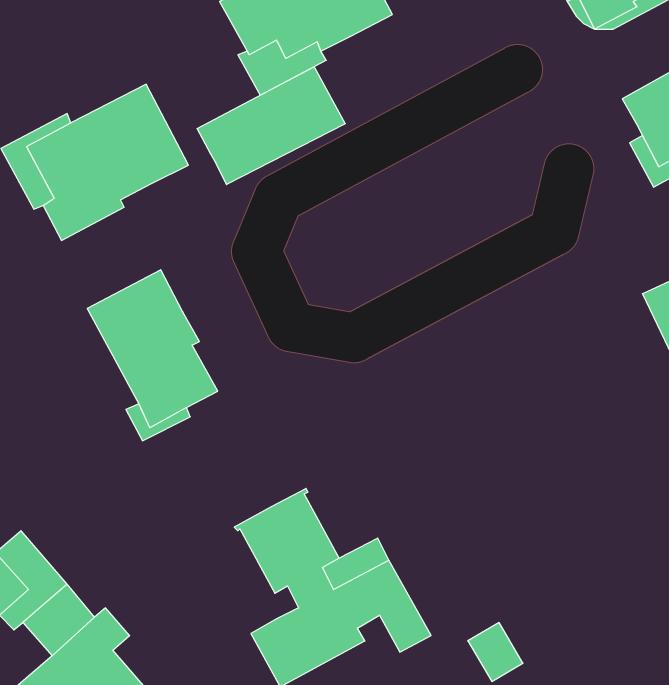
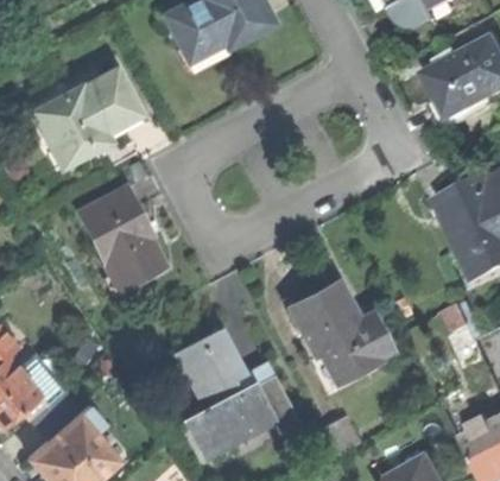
building: [197,67,345,185] -> none
building: none -> [290,278,391,378]

